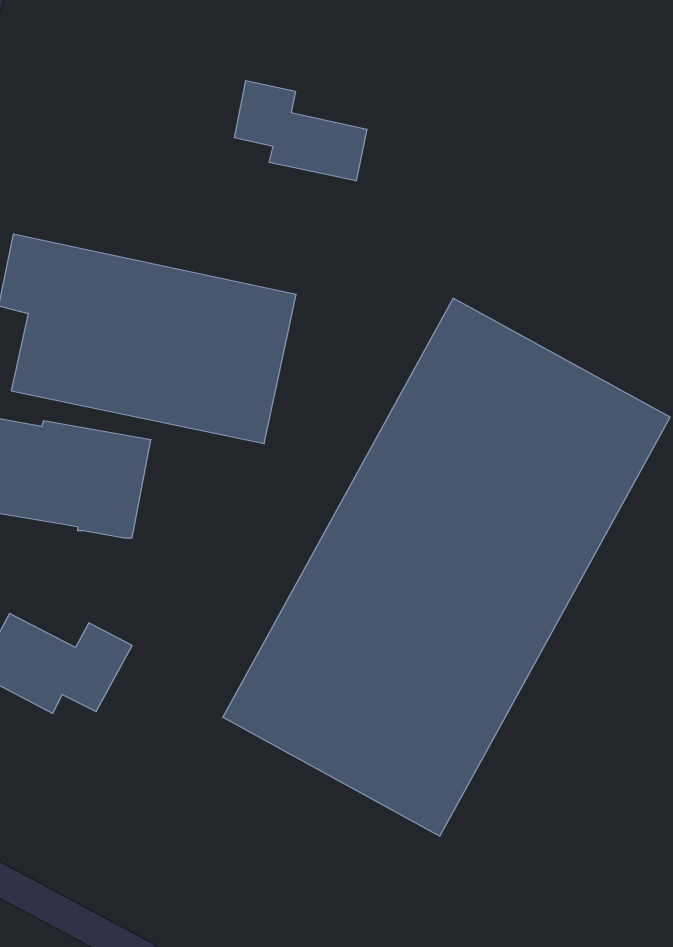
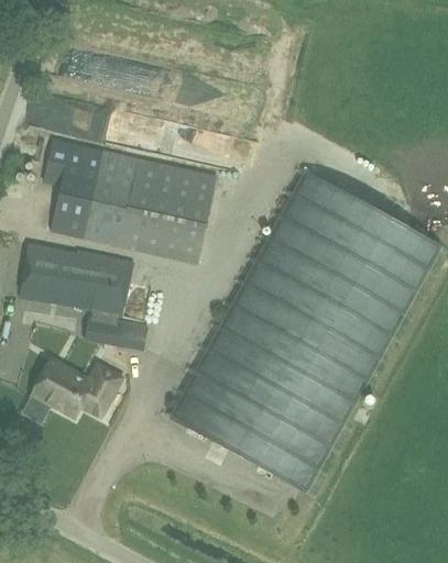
building: [235,81,367,181] -> none
building: none -> [84,310,147,350]

